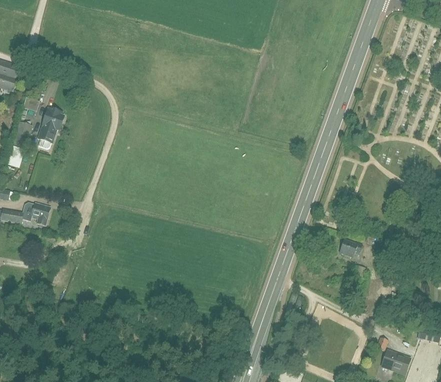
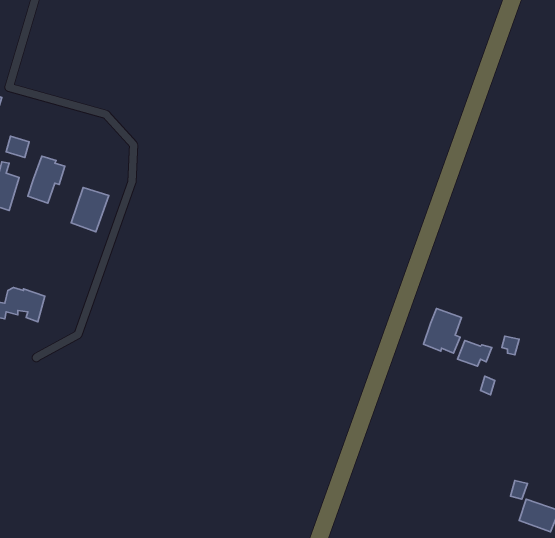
building: none -> [71,187,109,232]
building: none -> [424,308,461,353]

